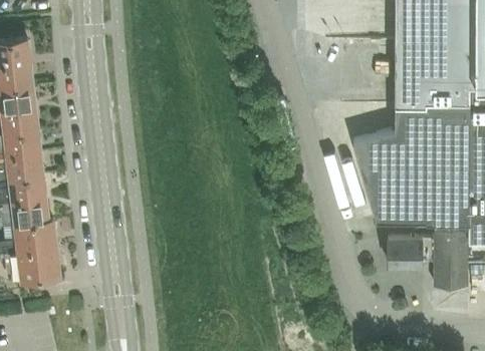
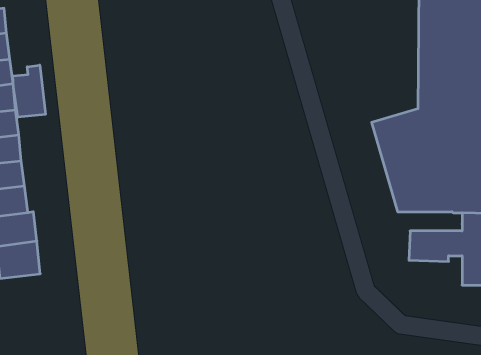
building: none -> [13,65,45,117]

